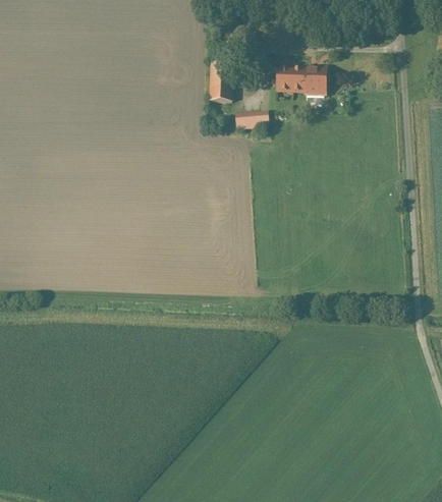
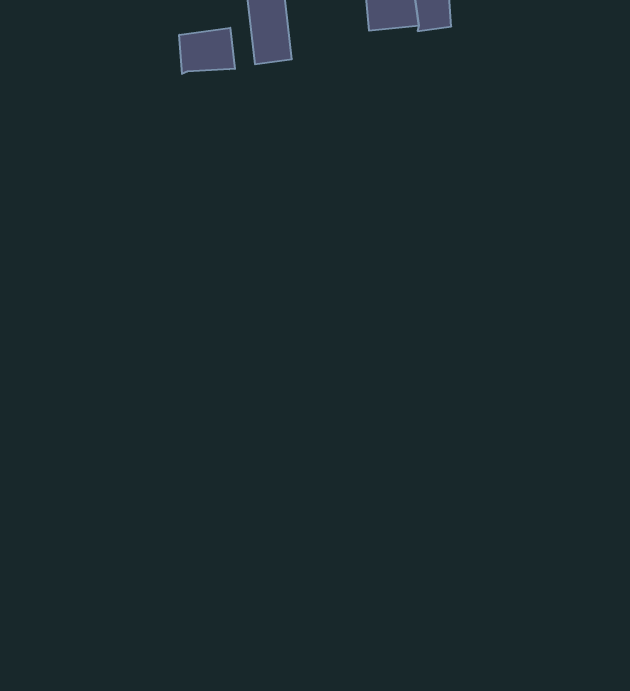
building: none -> [179,28,235,74]
building: [234,111,268,128] -> none

